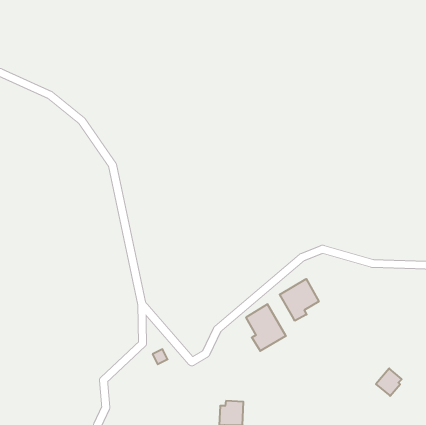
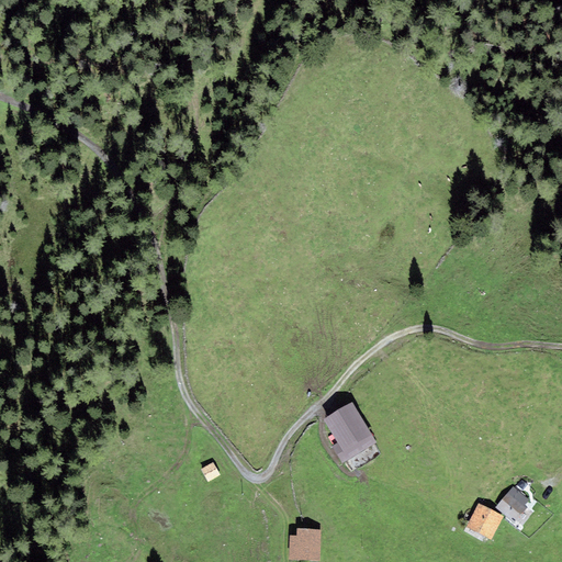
building: [280,279,319,321] -> none
building: none -> [467,503,503,538]

